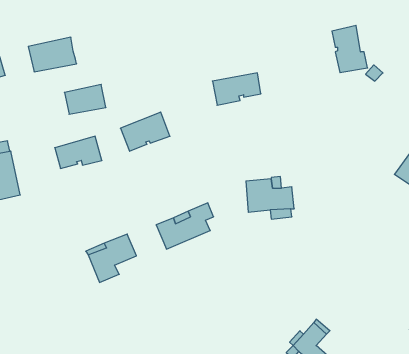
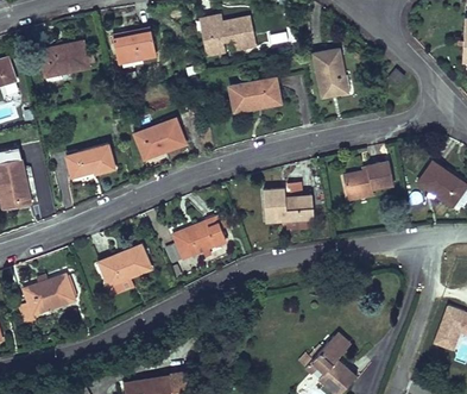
building: none -> [201,14,255,56]
building: [332,25,368,73] -> [314,48,351,96]
building: [64,84,106,114] -> [113,31,156,62]
building: none -> [343,161,393,196]
building: none -> [20,274,76,323]

